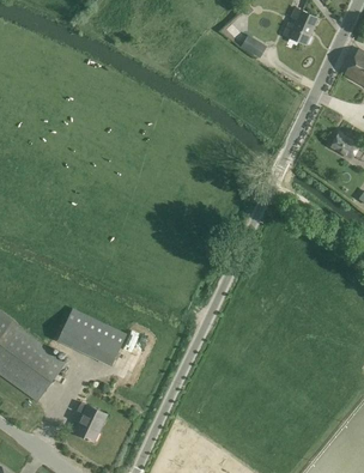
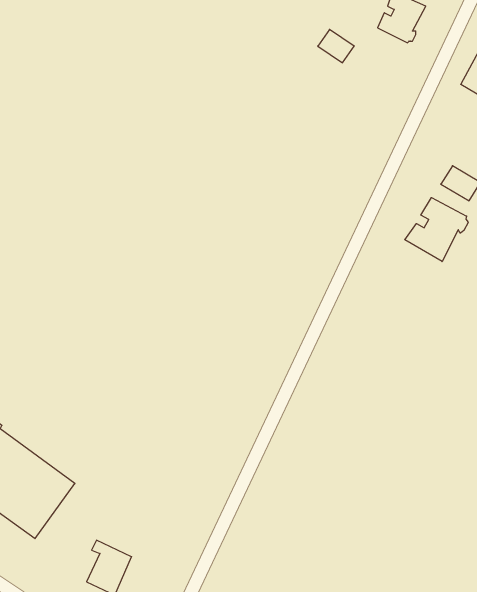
building: none -> [405,198,468,262]
building: [56,308,126,365] -> none

